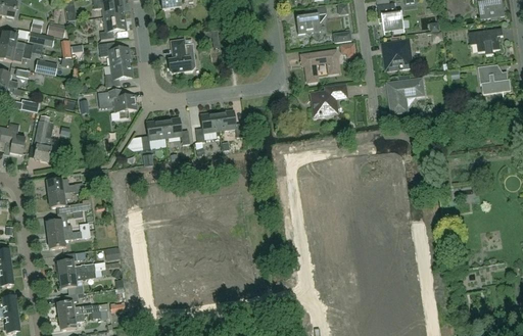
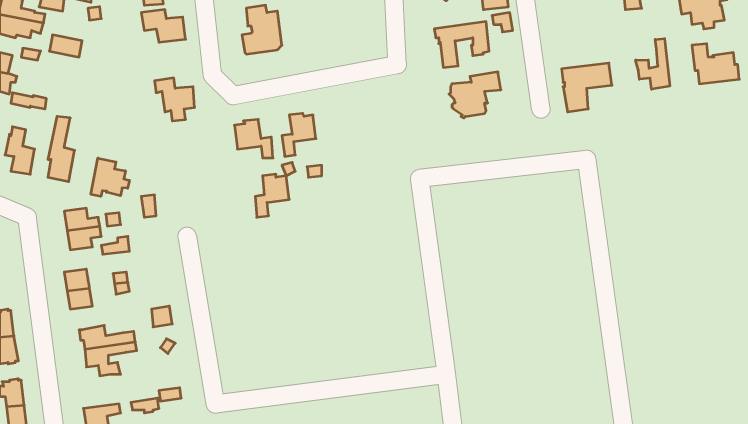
building: [384,40,413,69] -> none
building: none -> [636,39,670,89]
building: [104,62,131,87] -> none
building: [217,110,243,137] -> none
building: [141,121,164,150] -> [255,174,289,217]
building: none -> [91,158,129,196]
building: [56,293,84,317] -> none

